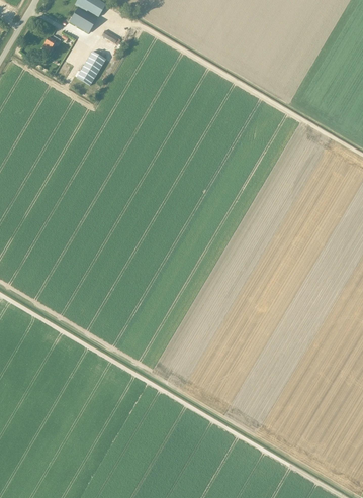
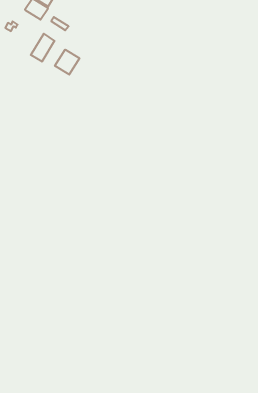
building: none -> [55,50,79,75]

